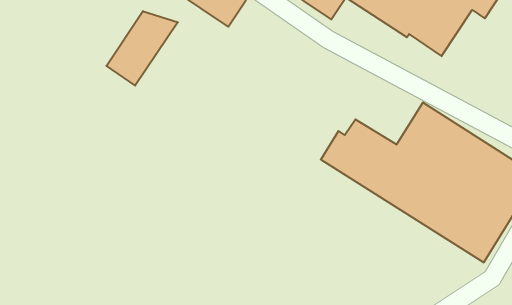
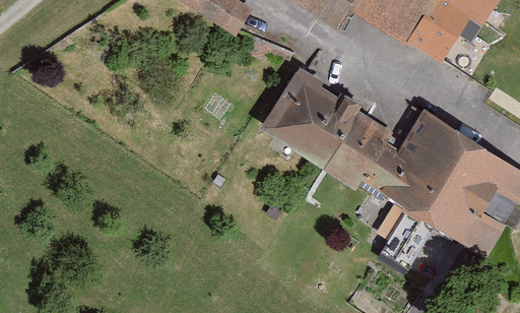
building: [106,11,178,86] -> none
building: none -> [261,64,366,163]

